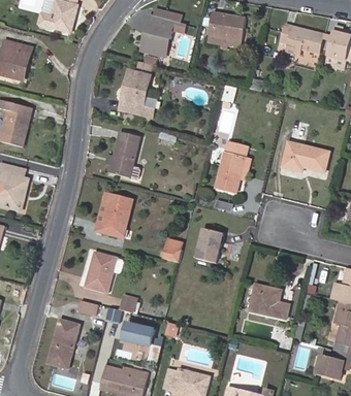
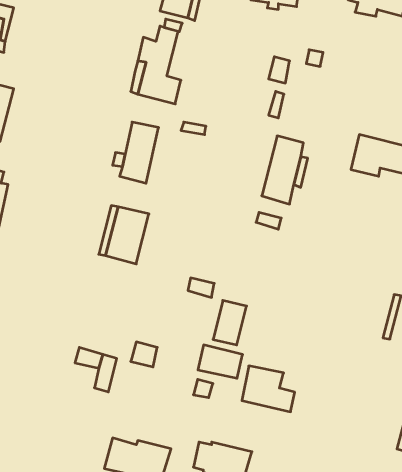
building: [197,229,222,262] -> [213,300,247,345]
building: [86,253,117,292] -> none
building: [250,285,289,319] -> [242,366,295,412]
building: [118,320,151,344] -> [198,345,243,378]
building: [49,321,79,368] -> none

